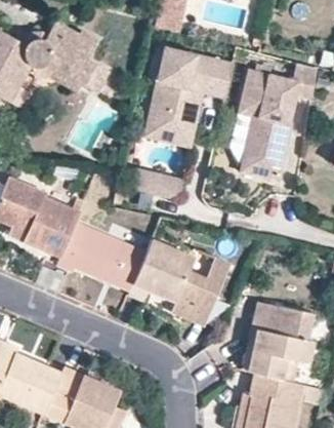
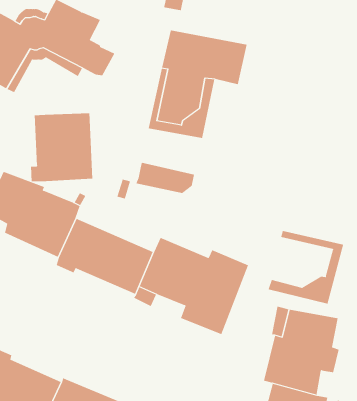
building: [238,61,316,177] -> none
building: none -> [30,113,93,182]
building: none -> [268,230,344,304]

